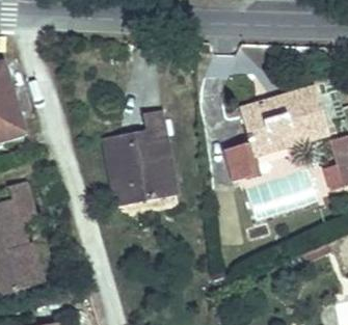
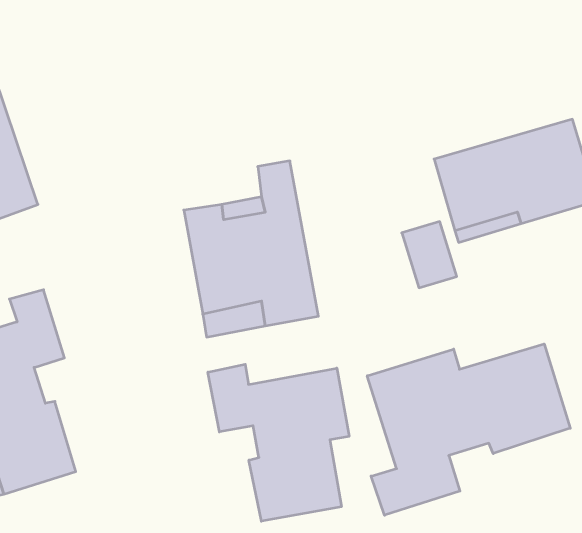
building: none -> [367,344,570,515]
building: none -> [208,364,349,521]

